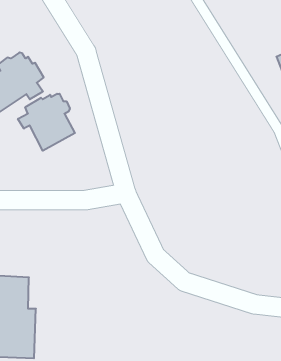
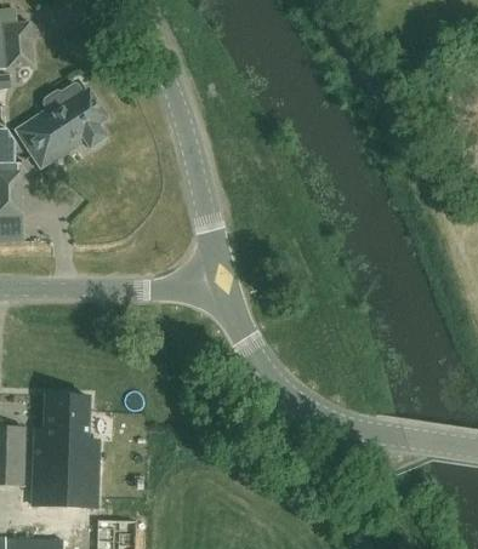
building: [18,94,75,151] -> none

